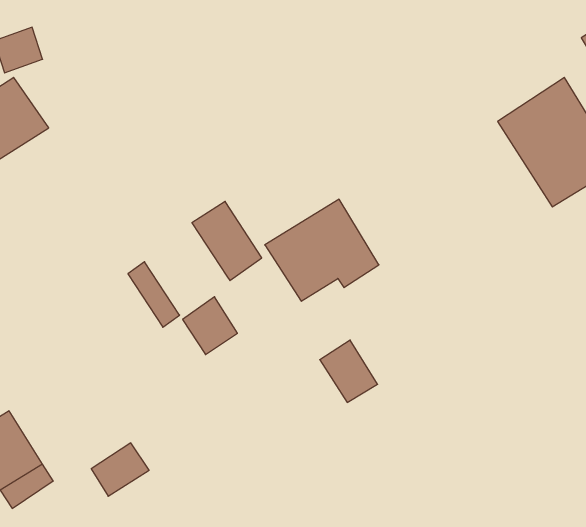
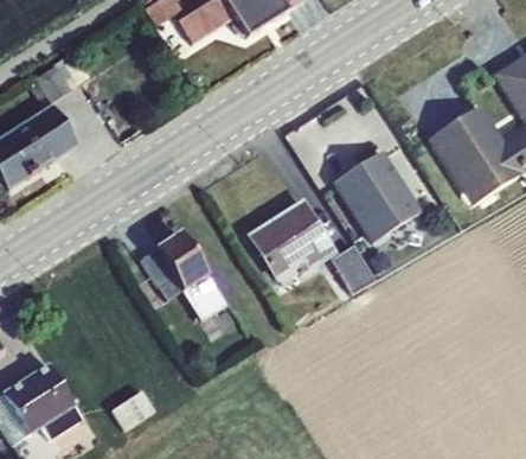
building: none -> [335,140,438,240]
building: [192,201,262,281] -> [153,230,207,292]
building: [320,340,378,402] -> [329,243,374,292]

